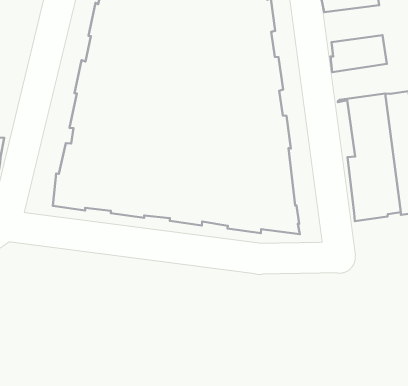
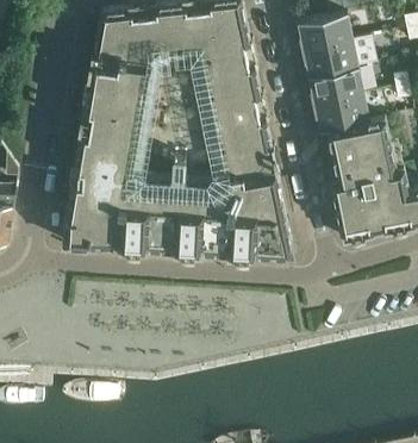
building: none -> [301,39,356,76]
building: none -> [312,93,367,129]

